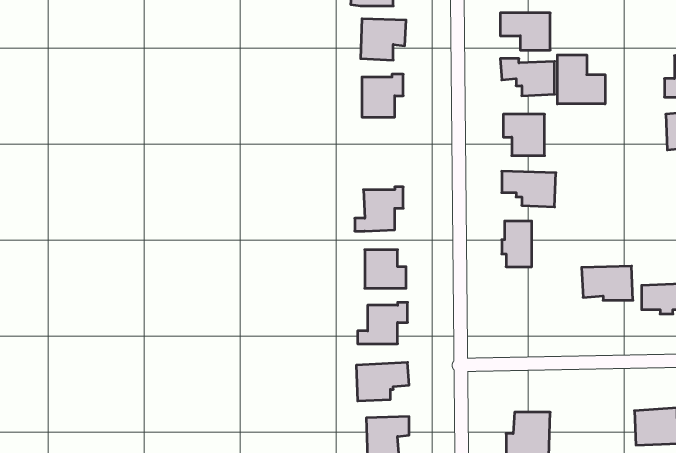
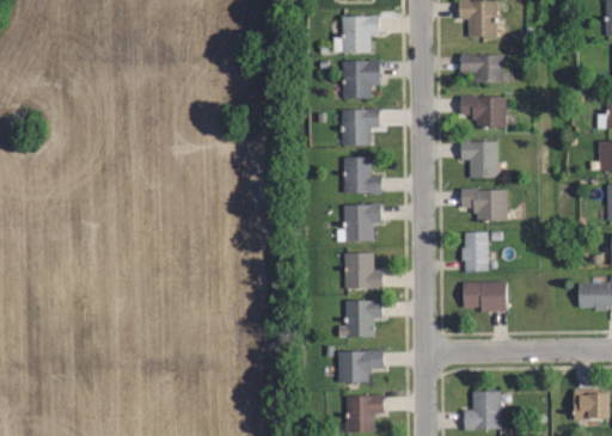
building: [557,55,605,104] -> none
building: none -> [344,158,380,192]
building: [582,266,633,300] -> [464,282,507,311]

